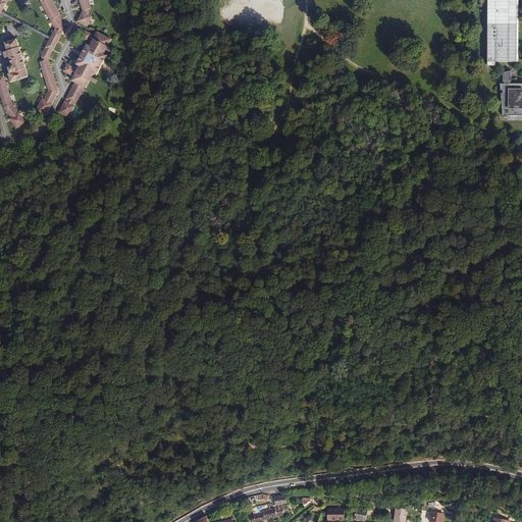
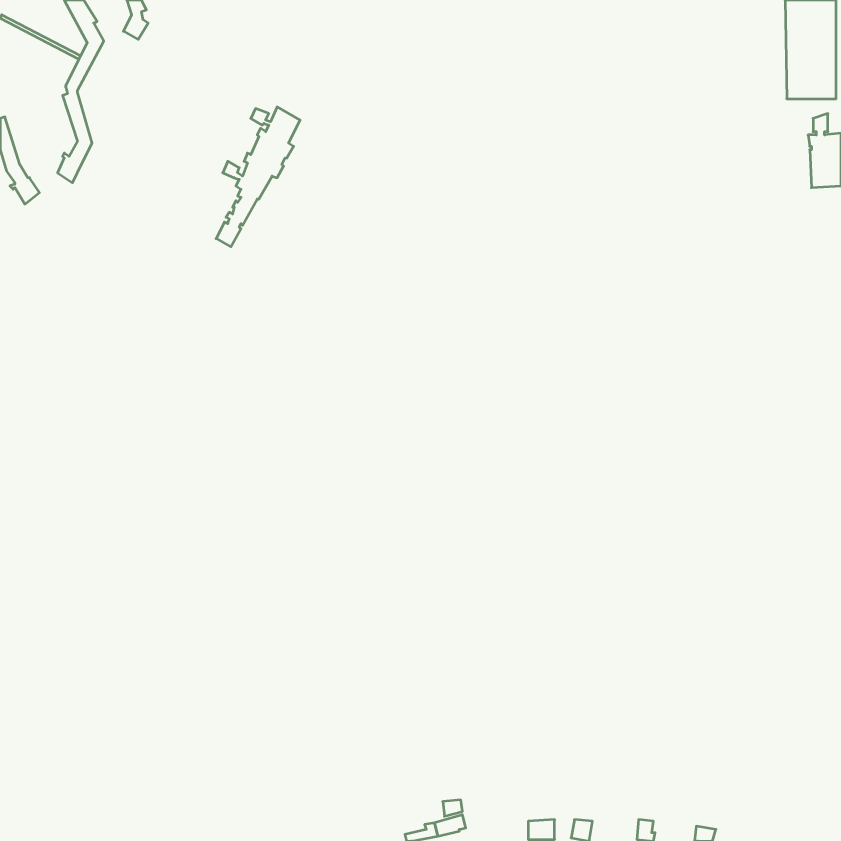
building: [58,29,110,115] -> [216,107,300,247]
building: [4,37,28,80] -> none

